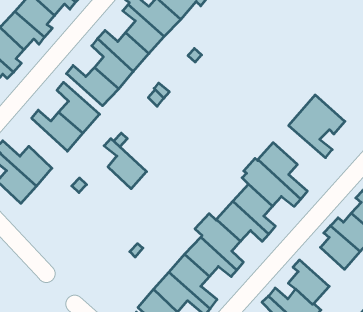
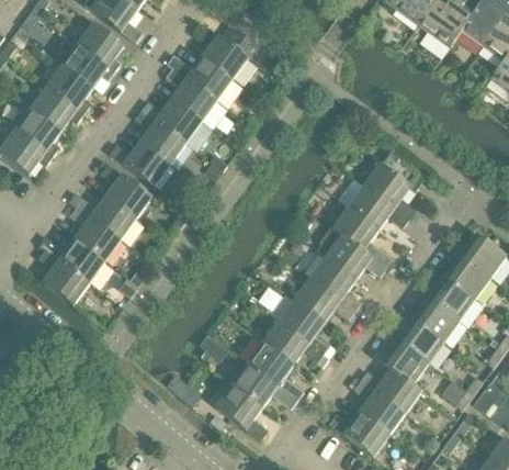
building: none -> [349,187,409,230]
building: [104,139,147,189] -> [69,208,120,261]
building: none -> [392,320,443,362]

